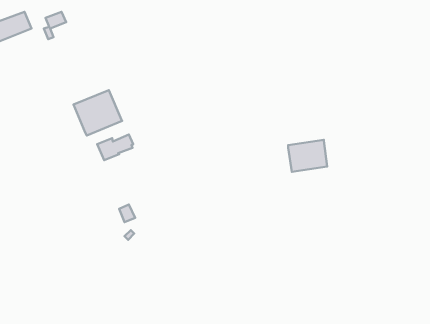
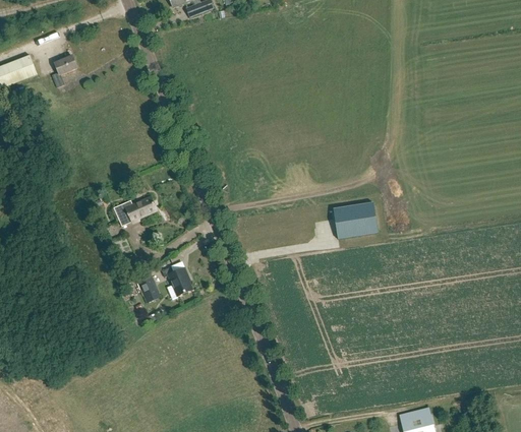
building: [74,90,122,135] -> none
building: none -> [162,265,192,295]

